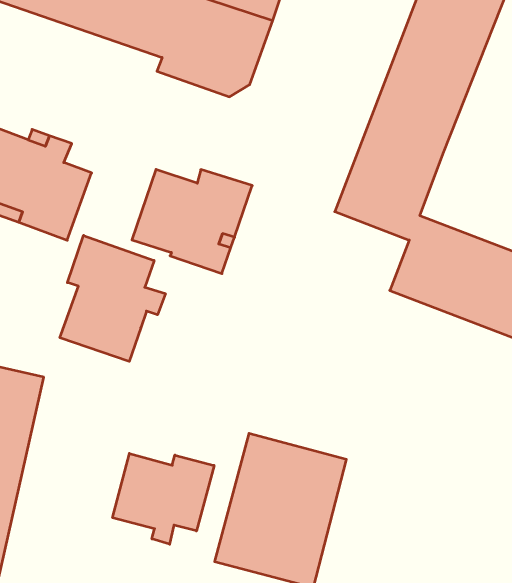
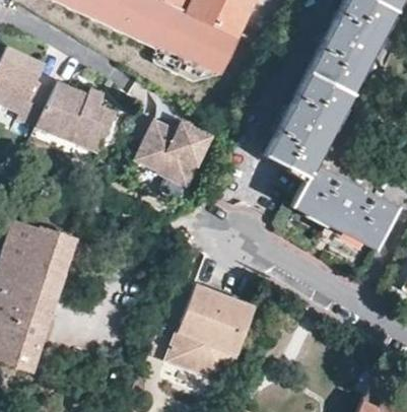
building: [60,235,165,361] -> none
building: [113,453,214,544] -> none

